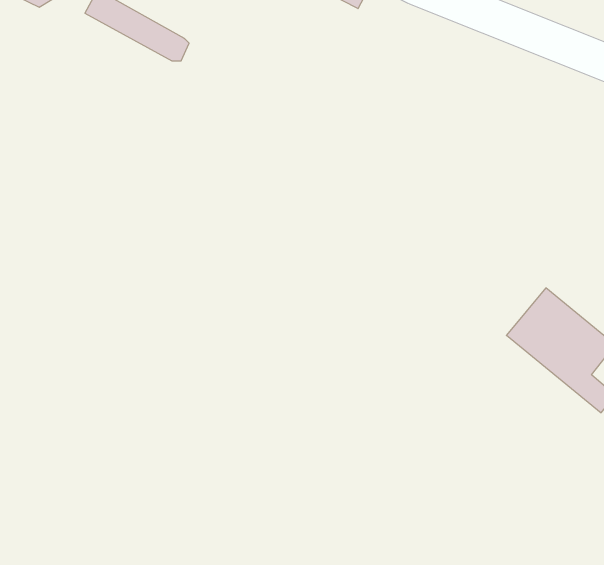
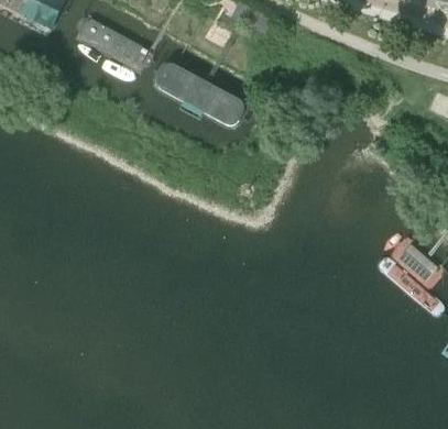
building: none -> [155,60,245,123]

